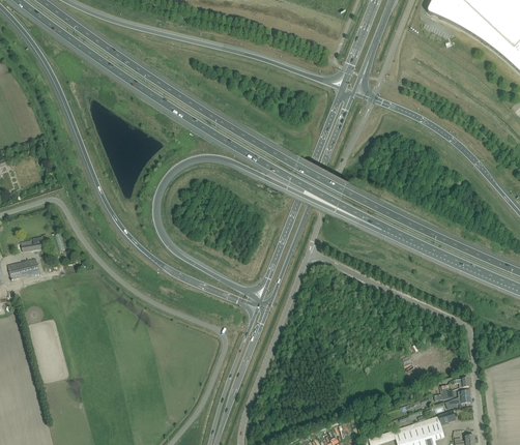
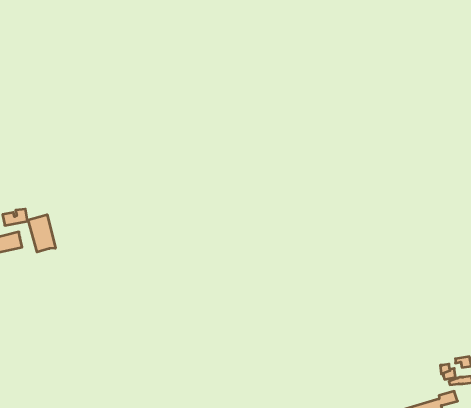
building: none -> [28,215,55,252]

